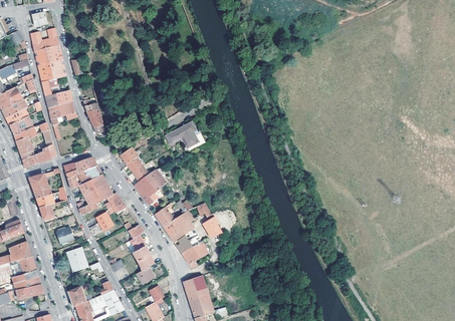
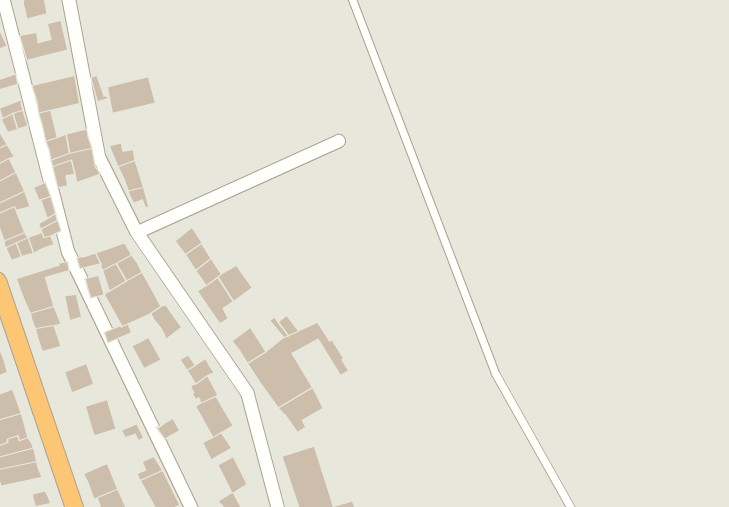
building: [34,44,62,65] -> [107,77,155,113]
building: [166,121,198,147] -> none

